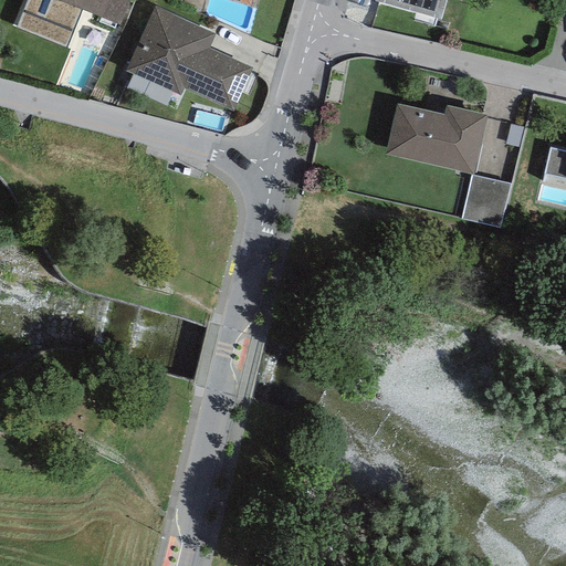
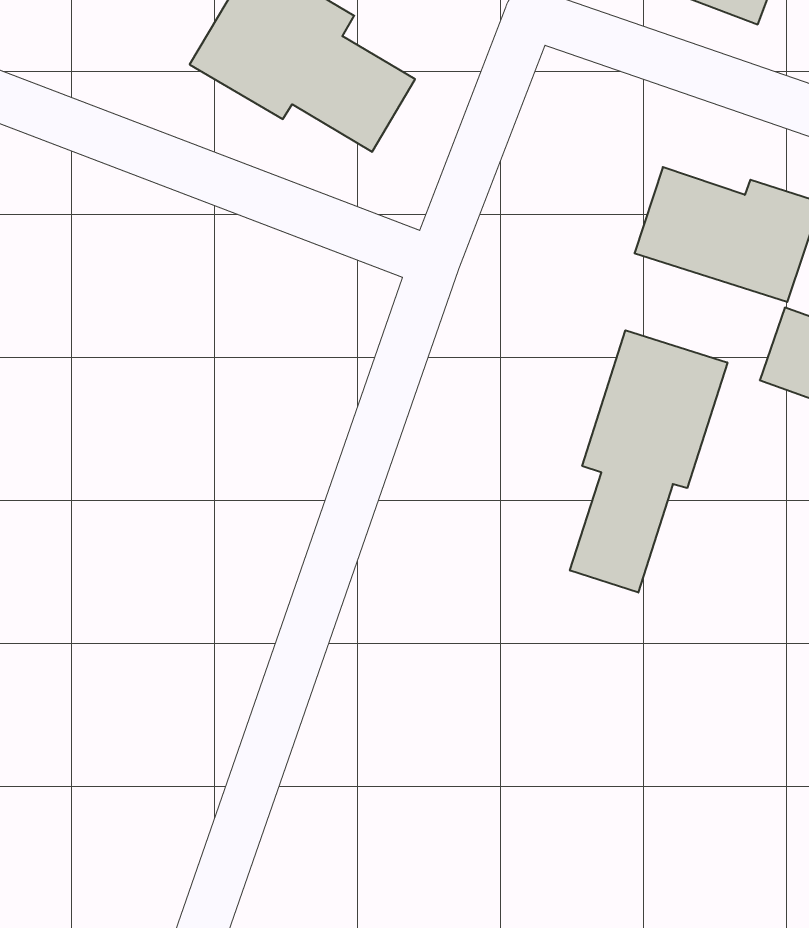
building: none -> [570,330,727,593]

